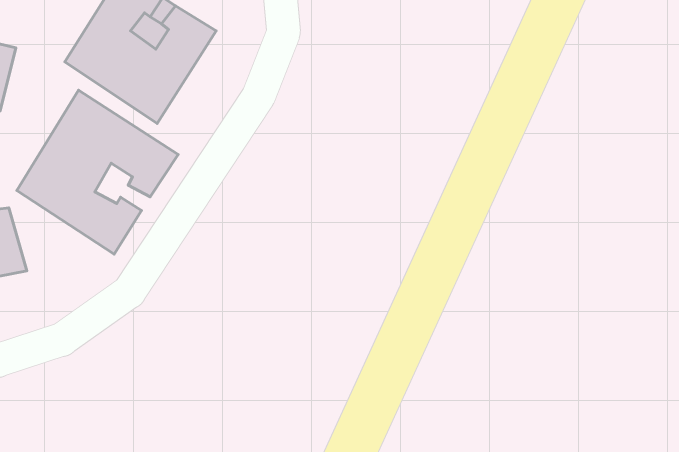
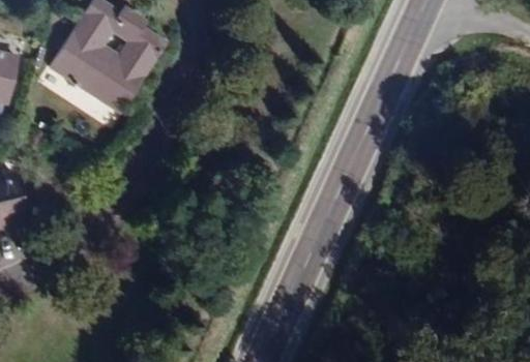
building: [17,90,178,254] -> none

